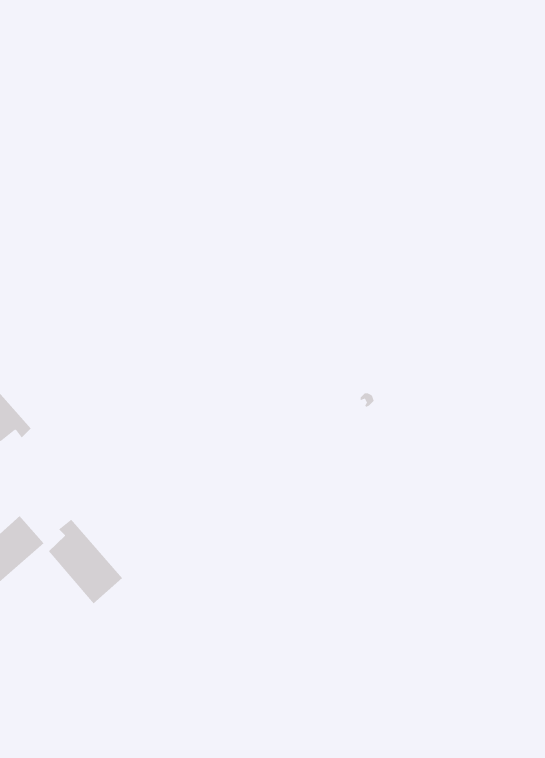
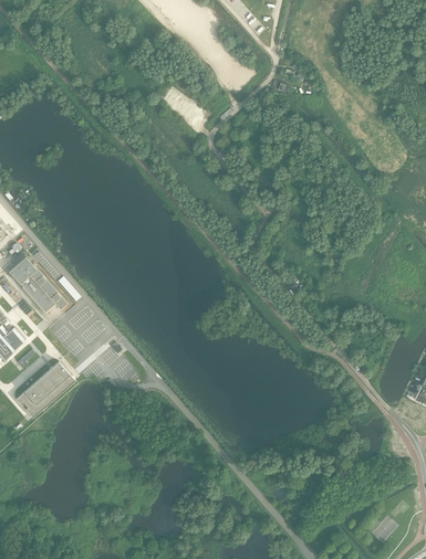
building: [48,519,123,604] -> none

